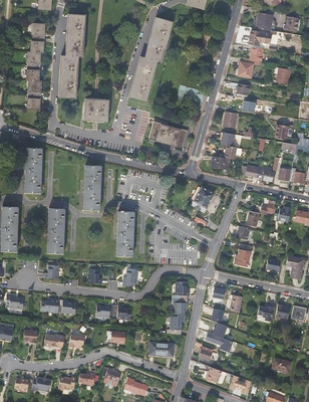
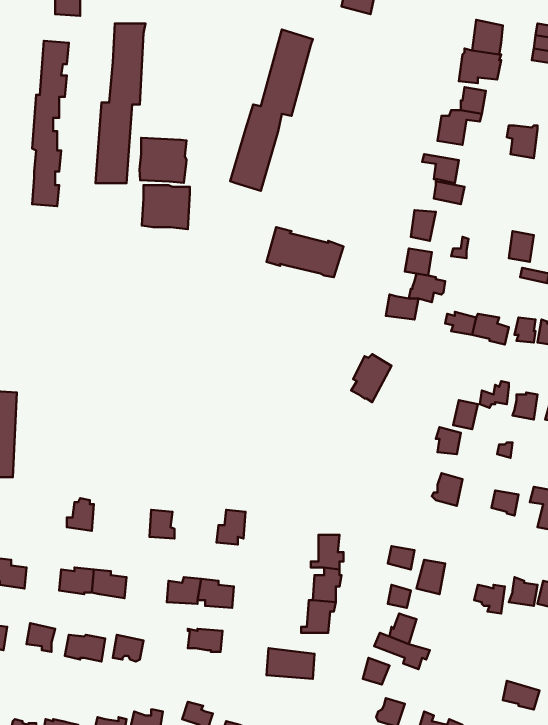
building: none -> [139,138,187,183]
building: [24,147,41,192] -> none
building: [83,164,100,209] -> none
building: [47,207,64,252] -> none
building: [115,210,133,255] -> none

